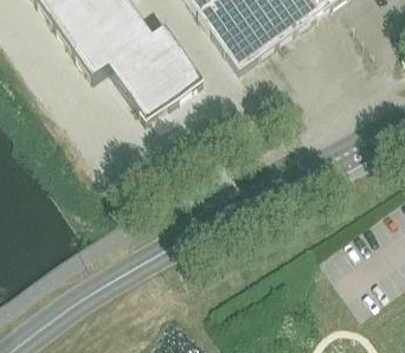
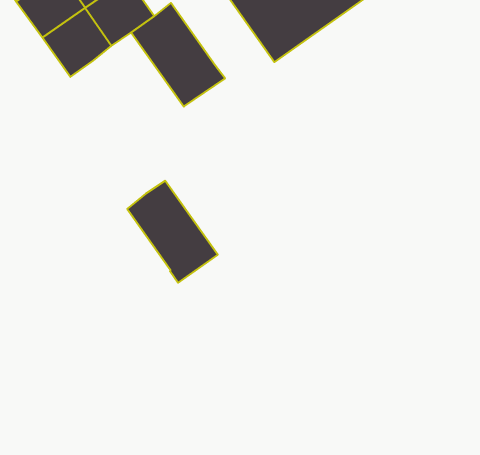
building: [109,45,174,118] -> [127,181,218,283]

